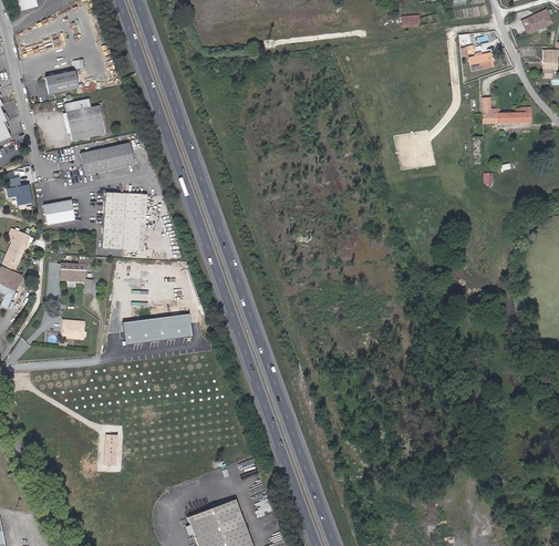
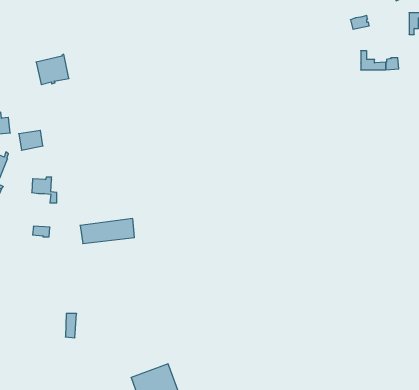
building: [44,70,77,94] -> none
building: [80,143,134,174] -> none
building: [102,192,146,249] -> none

